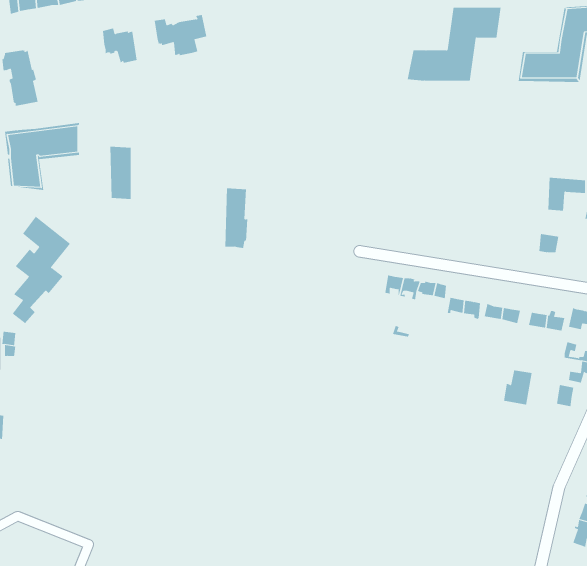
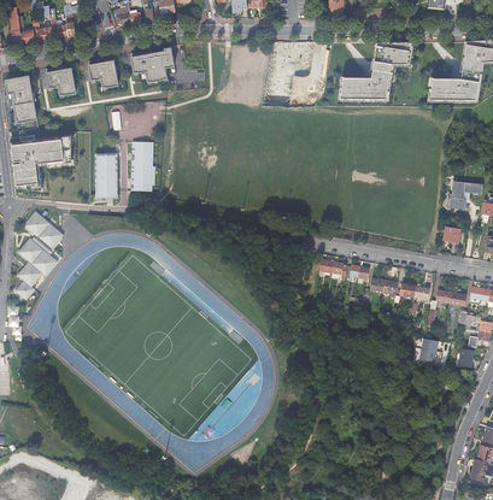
building: none -> [45,66,75,94]
building: [225,188,248,249] -> [128,143,147,193]

